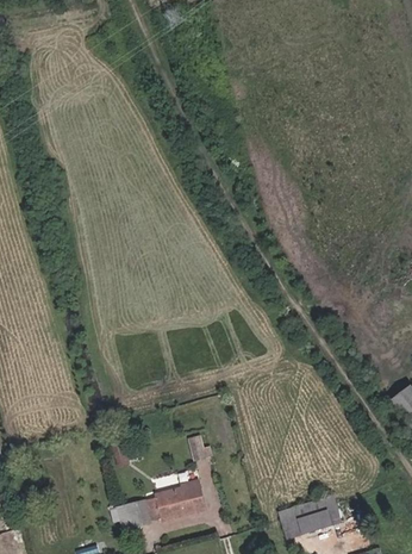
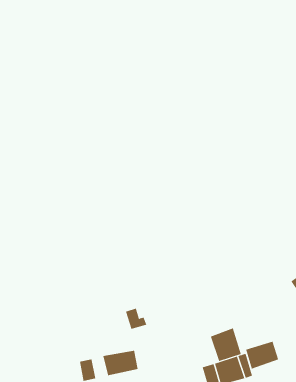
building: none -> [210,327,241,362]
building: none -> [246,341,279,369]

